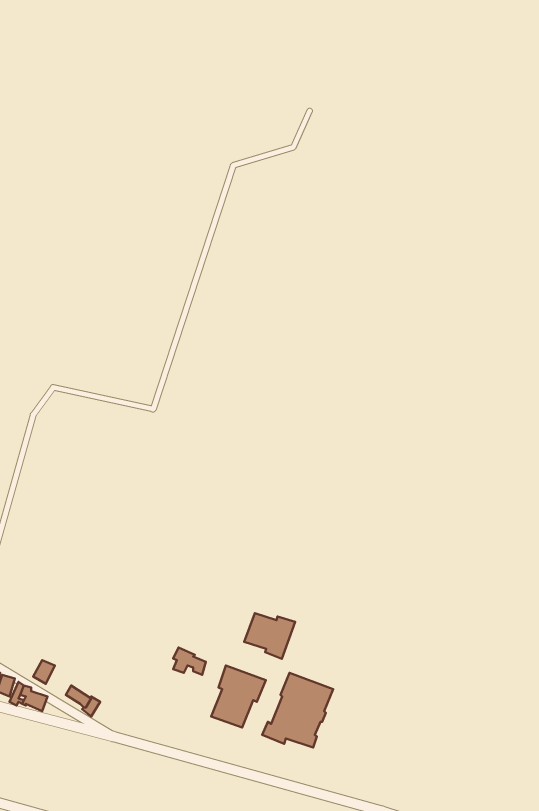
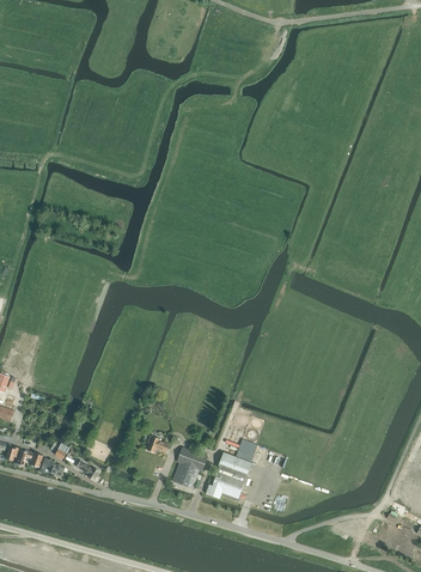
building: [244,613,295,659] -> none

